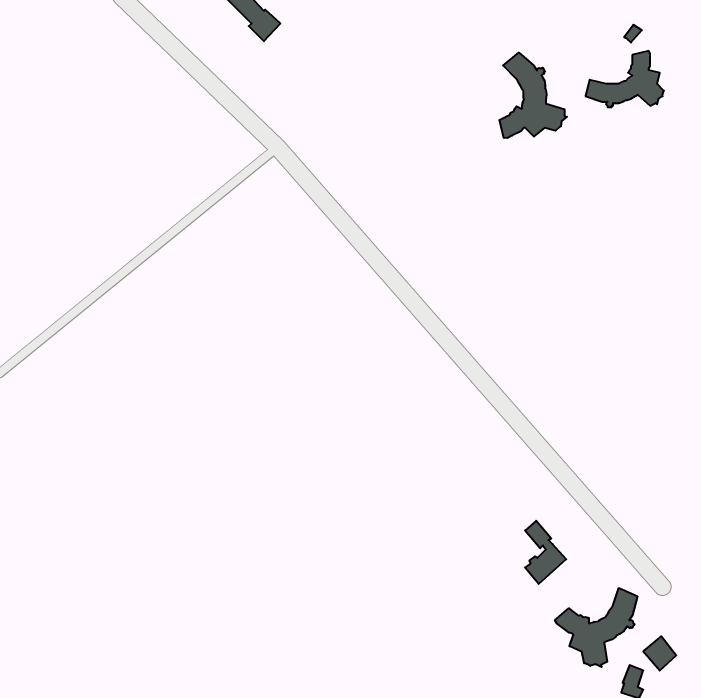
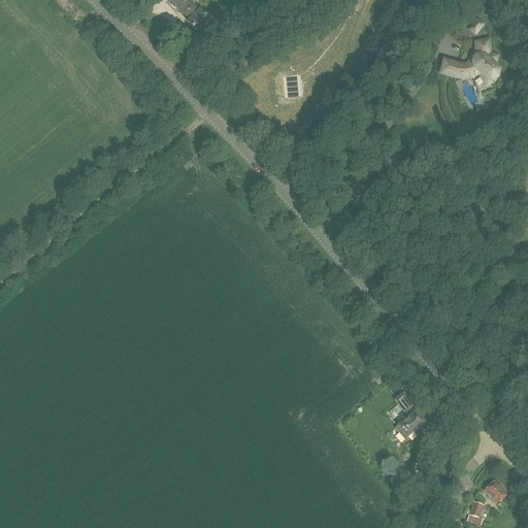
building: [499,53,567,138] -> none
building: [555,588,637,667] -> none

